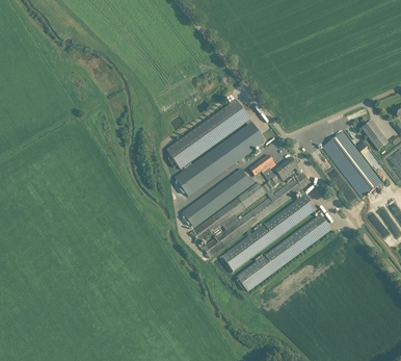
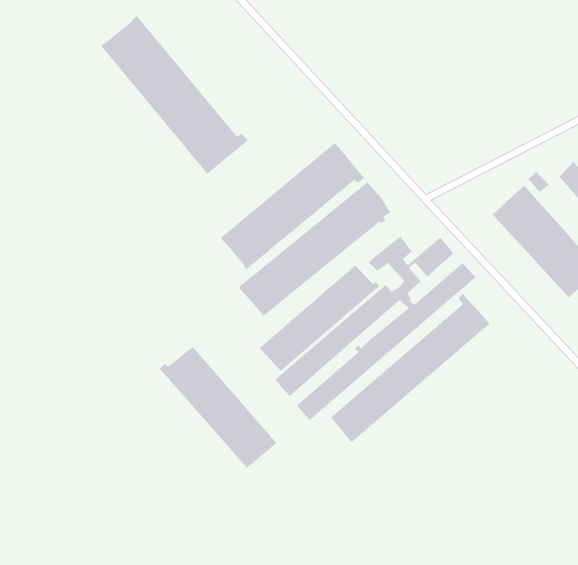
building: none -> [100,15,249,175]
building: none -> [159,346,278,469]
building: [237,209,331,290] -> none

